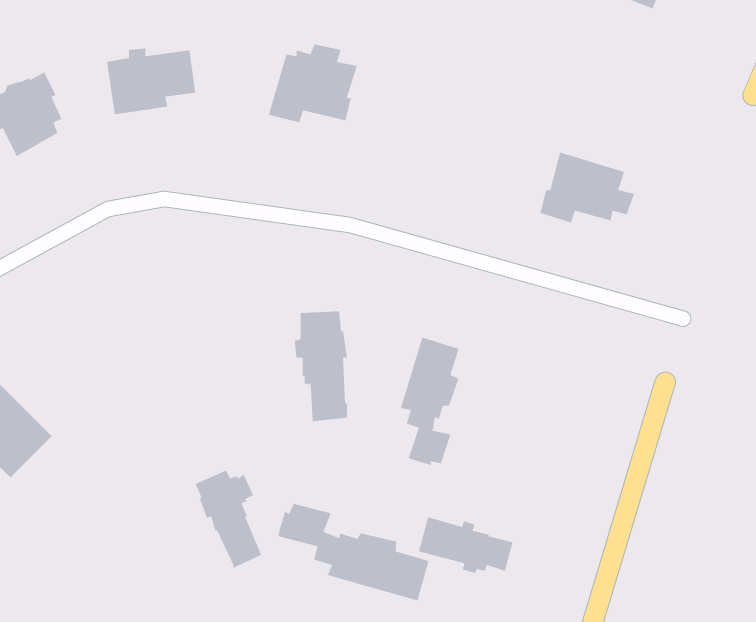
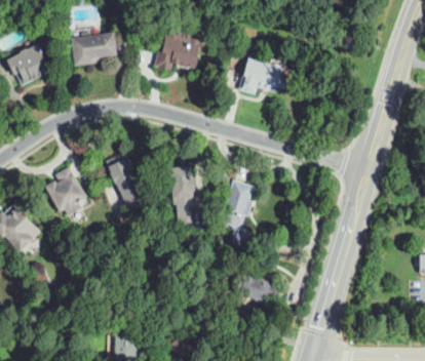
building: [539,152,635,223] -> [239,56,288,93]
building: none -> [42,166,84,216]
building: [194,469,262,569] -> [108,158,143,209]
building: [278,503,429,602] -> none

